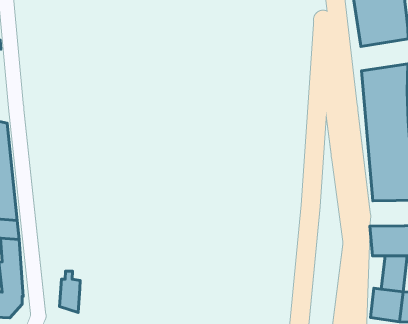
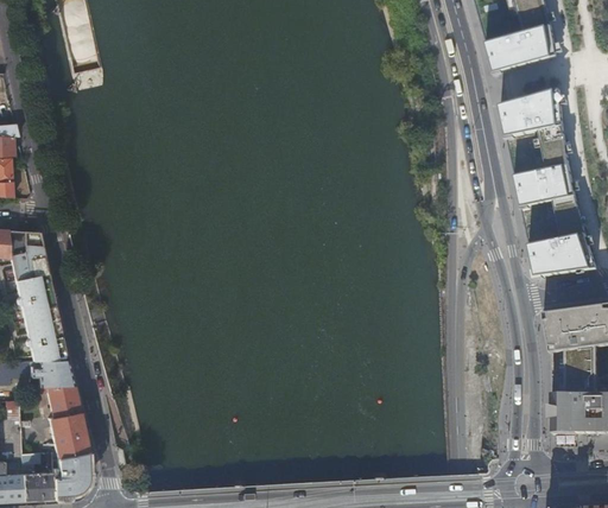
building: [60,271,80,312] -> none

